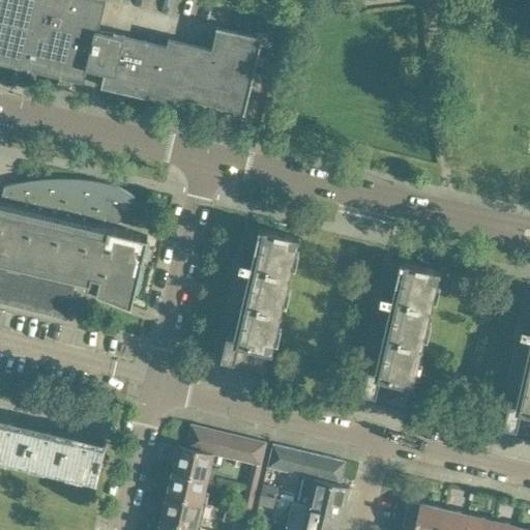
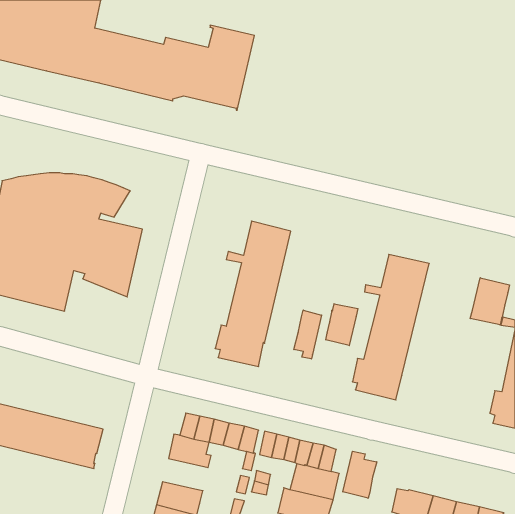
building: none -> [470,278,509,325]
building: none -> [326,304,358,346]
building: none -> [294,310,322,359]
building: none -> [343,451,377,498]
building: [167,472,211,505] -> none

